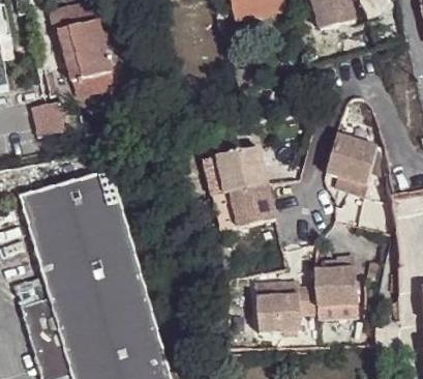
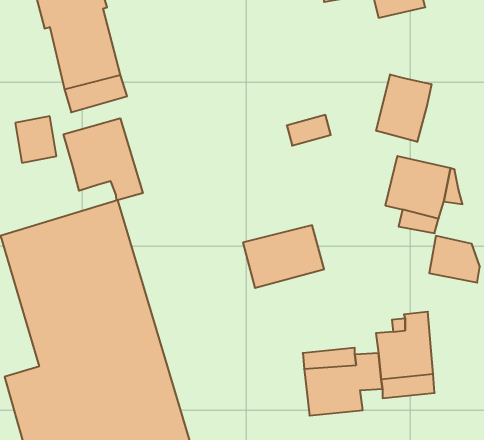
building: none -> [376,74,431,142]
building: none -> [64,118,143,200]
building: [200,148,263,200] -> none

